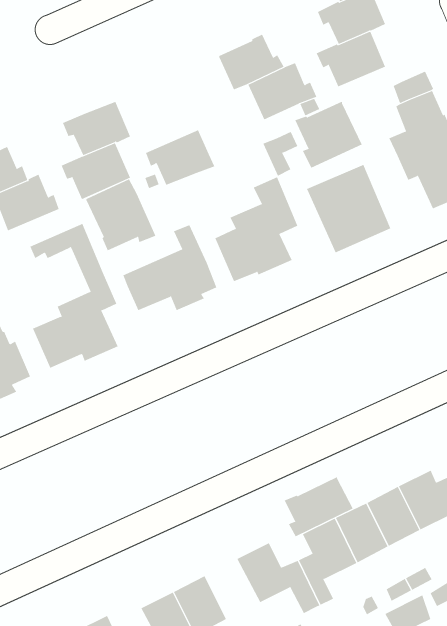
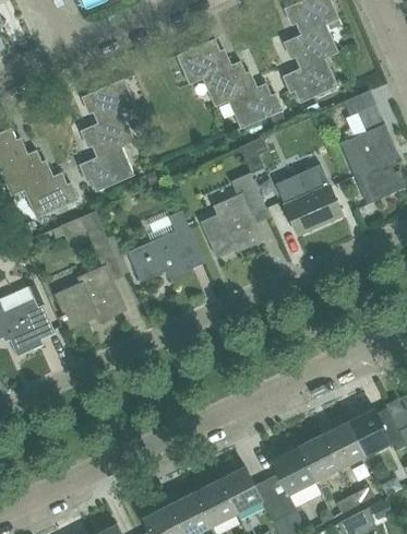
building: none -> [176,39,230,86]
building: [295,101,362,168] -> none
building: [145,129,215,186] -> [81,80,136,124]
building: [85,179,156,251] -> none
building: [284,476,353,537] -> none
building: none -> [193,479,237,527]

